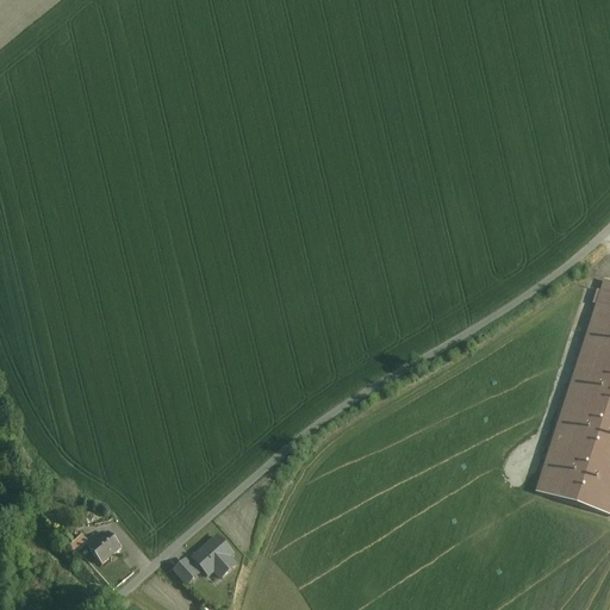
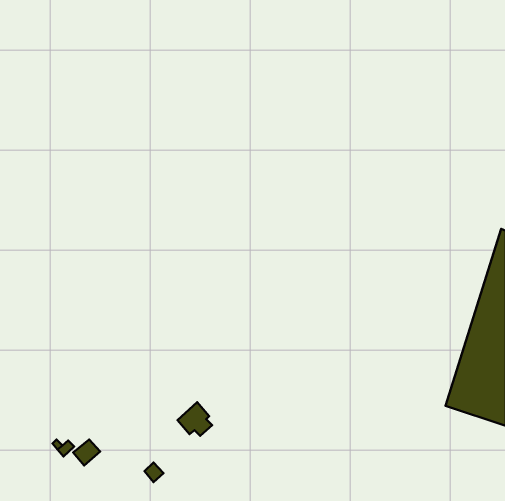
building: [194,534,236,574] -> [178,402,212,436]

